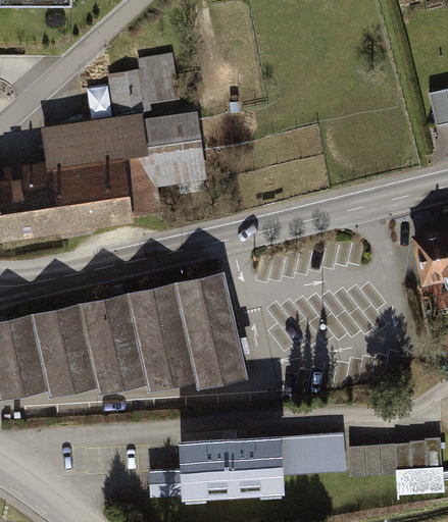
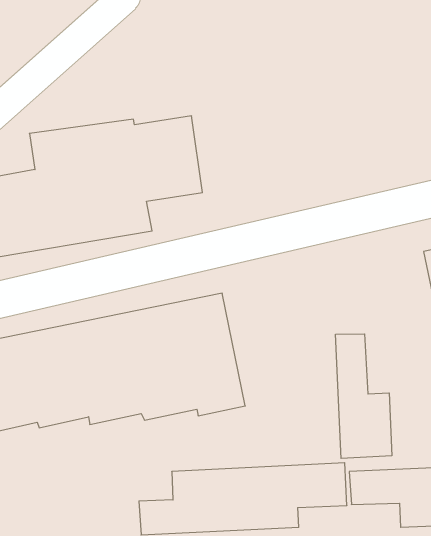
building: [103,54,177,114] -> none
building: none -> [336,334,392,458]

